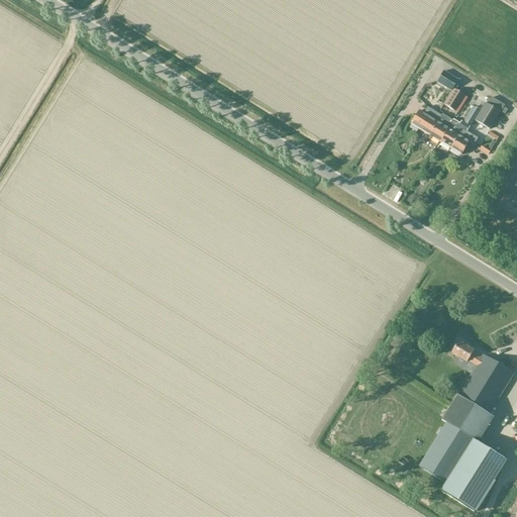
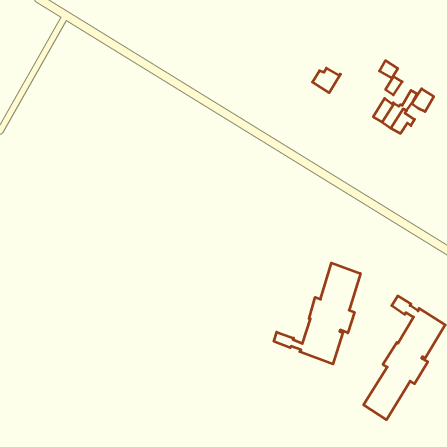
building: [412,106,444,134] -> [312,68,341,93]
building: none -> [274,263,360,364]
building: [442,438,507,510] -> none

